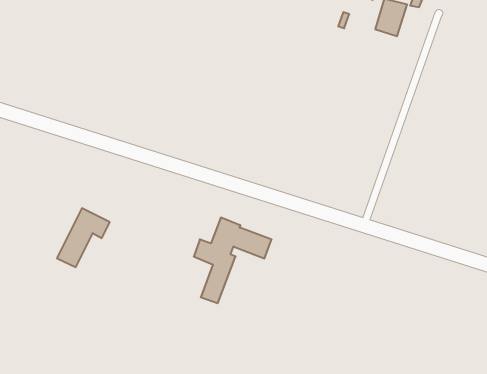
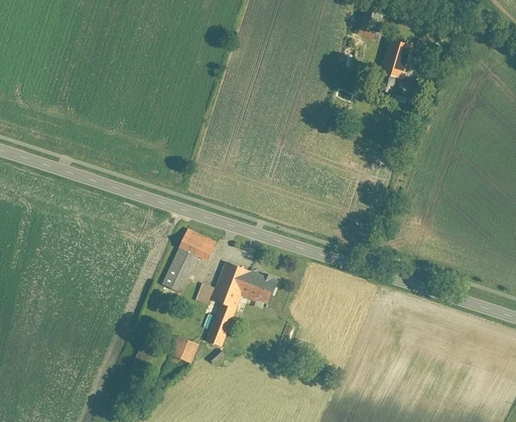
building: [57,208,110,267] -> [162,232,216,291]
building: none -> [172,336,199,363]

